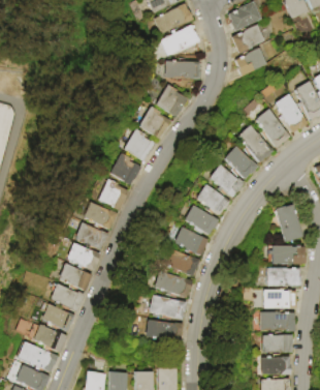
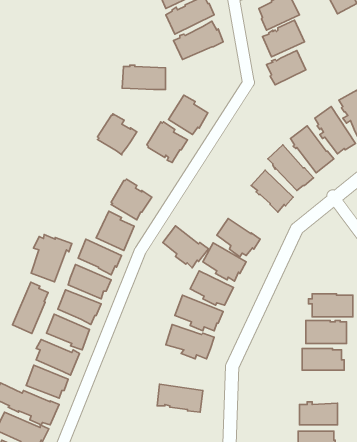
building: [164,59,199,79] -> [122,65,165,89]
building: [123,128,155,161] -> [98,114,137,155]
building: [207,163,245,198] -> [163,226,209,268]
building: none -> [31,234,72,282]
building: [275,204,302,241] -> none
building: none -> [12,282,48,333]
building: [148,294,187,320] -> none
building: [260,311,294,331] -> none

